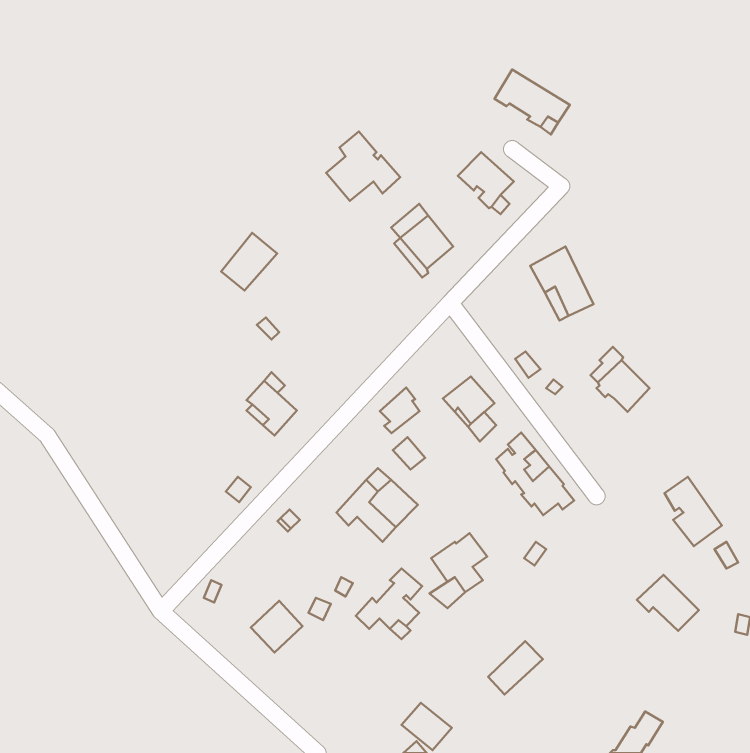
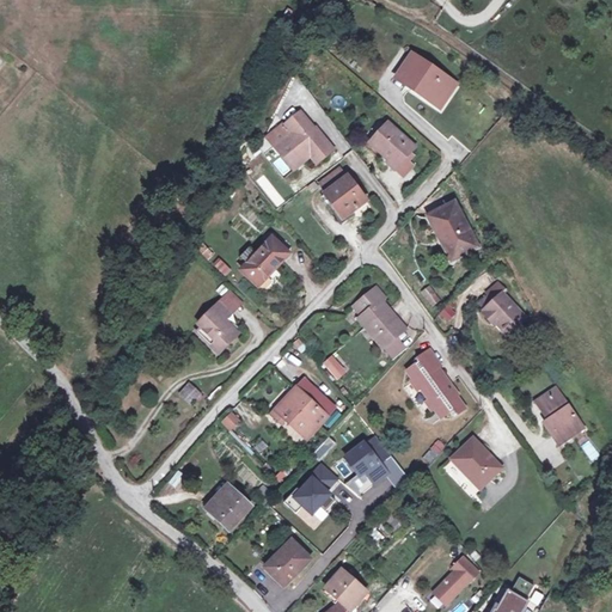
building: [221,233,277,291] -> [241,237,287,283]
building: [380,387,420,433] -> [349,286,381,323]
building: [637,575,699,631] -> [454,437,504,483]
building: [488,641,543,694] -> [434,558,478,601]
building: none -> [267,538,311,581]

